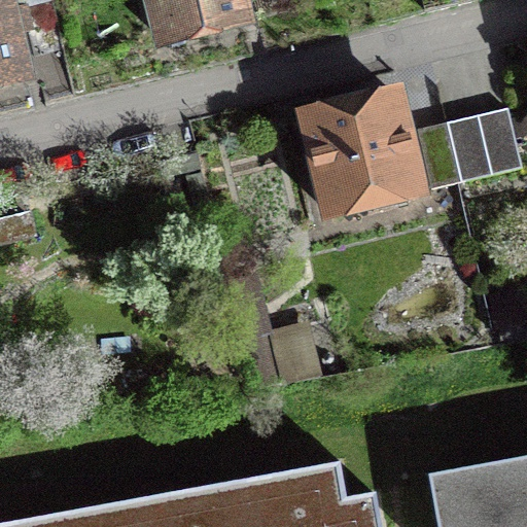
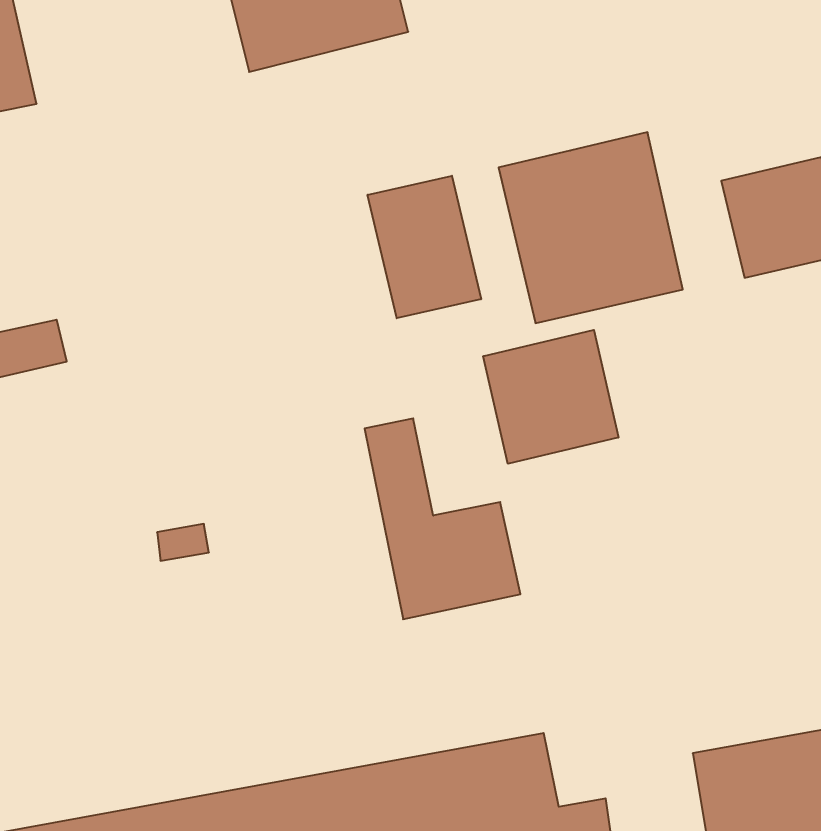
building: none -> [368,176,481,318]
building: none -> [483,330,618,464]

